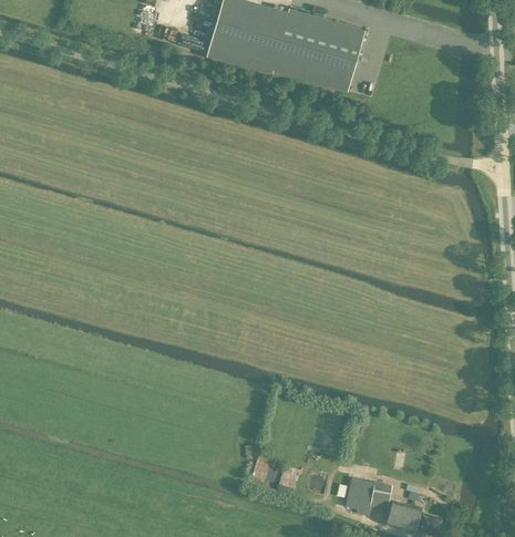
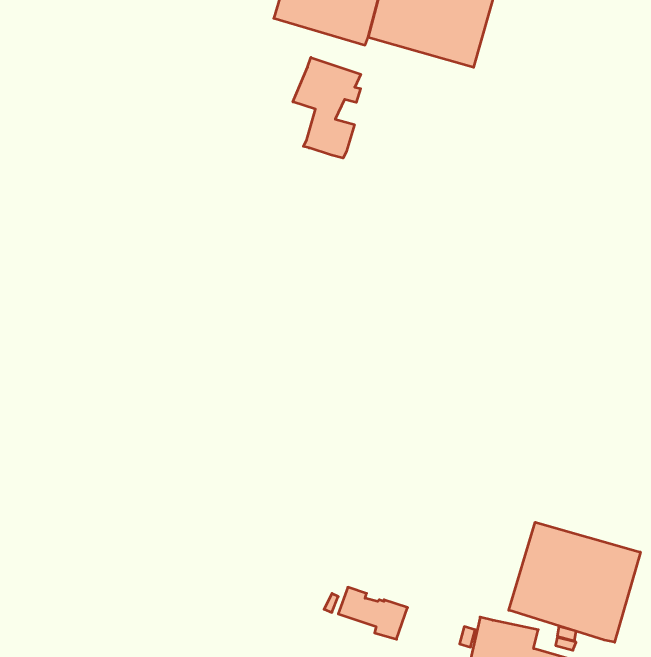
building: none -> [293,57,361,158]
building: none -> [509,522,640,642]

